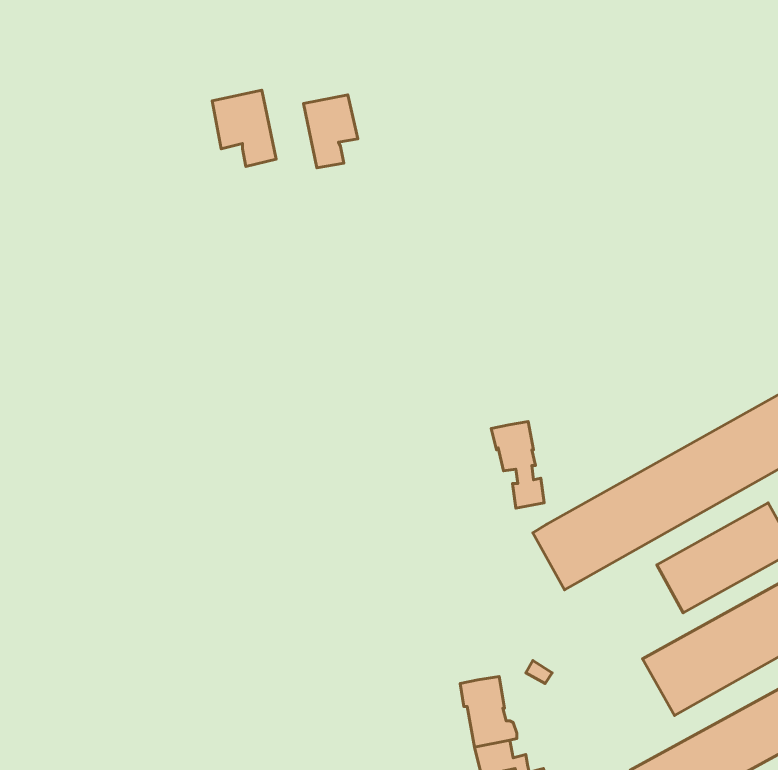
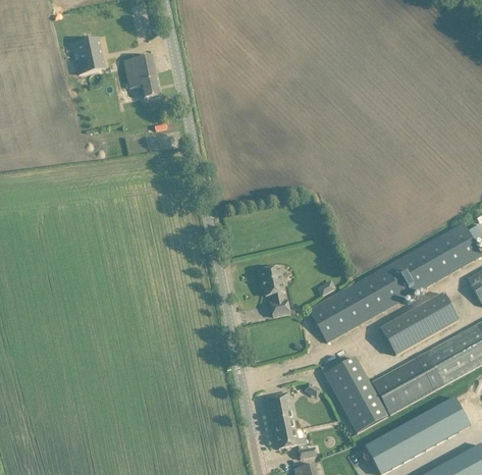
building: none -> [72,38,105,73]
building: [304,95,358,168] -> none
building: [491,421,544,508] -> [259,266,289,316]
building: none -> [324,356,388,432]

